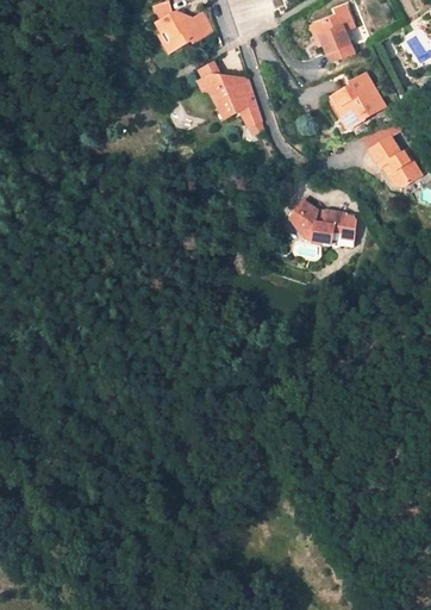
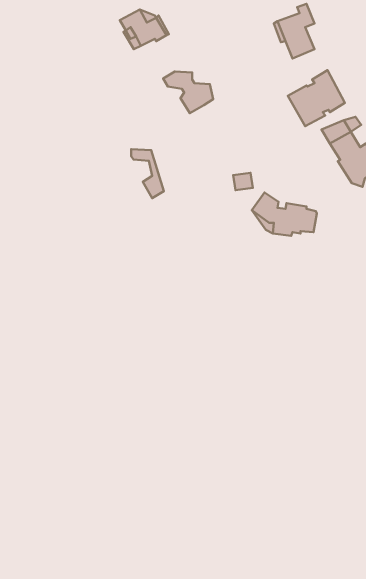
building: [227,75,261,125] -> [131,149,164,198]

